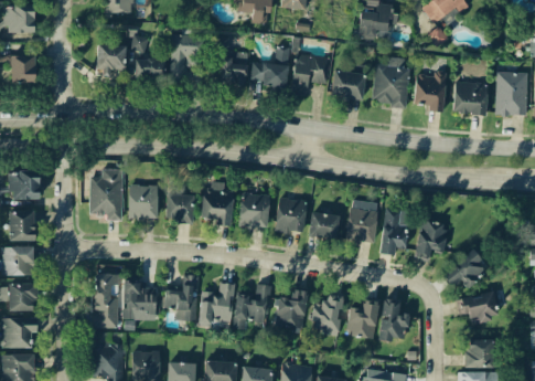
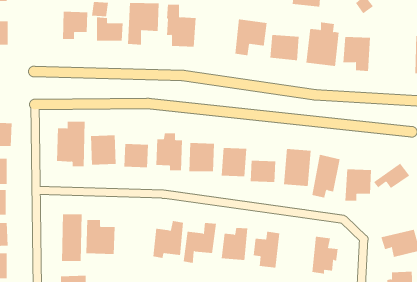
building: [249,46,291,86] -> none
building: [453,82,488,115] -> none
building: [447,257,489,287] -> [373,163,410,189]
building: [164,274,197,321] -> none
building: [347,299,378,339] -> none

